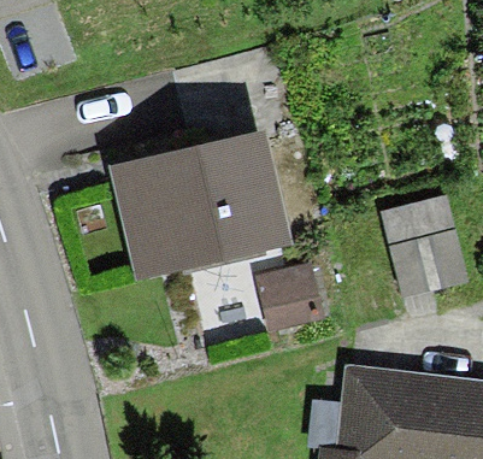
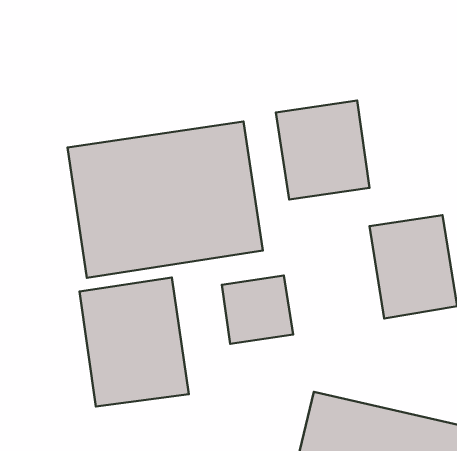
building: none -> [276,101,369,199]
building: none -> [80,277,189,407]

